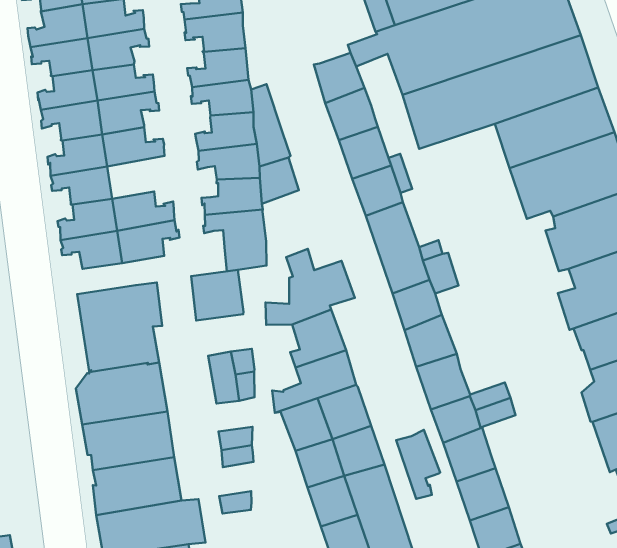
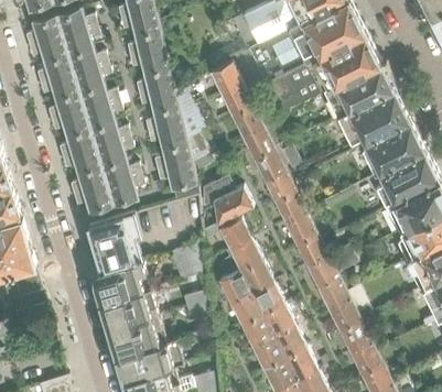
building: none -> [95,137,132,166]
building: [191,270,244,321] -> none
building: [396,430,440,499] -> none

